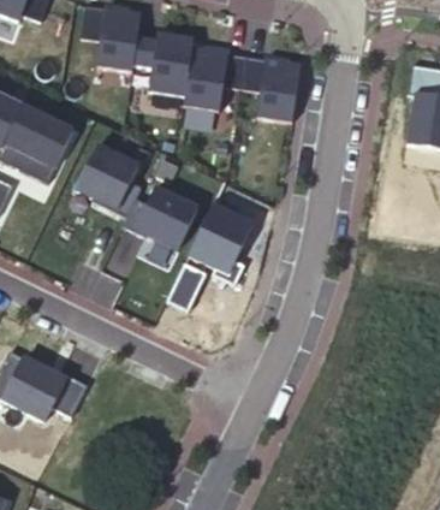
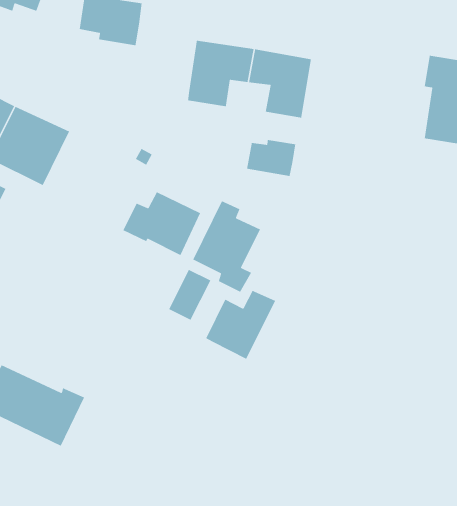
building: [131,29,191,94] -> none
building: none -> [246,139,296,177]
building: [73,147,138,219] -> none
building: none -> [205,290,276,360]

